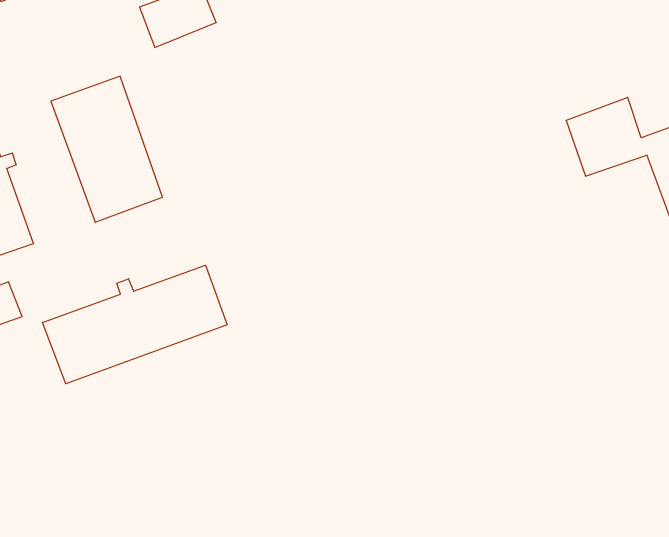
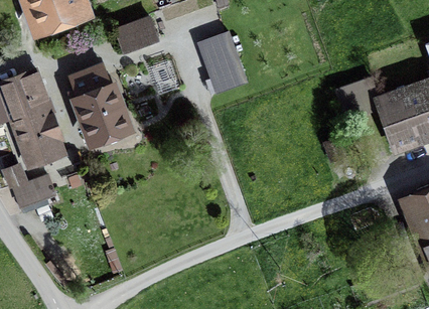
building: none -> [201,34,247,94]
building: [43,265,227,384] -> none

